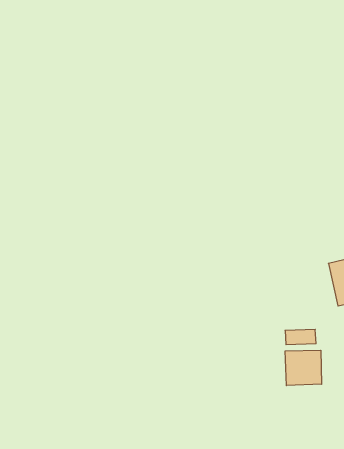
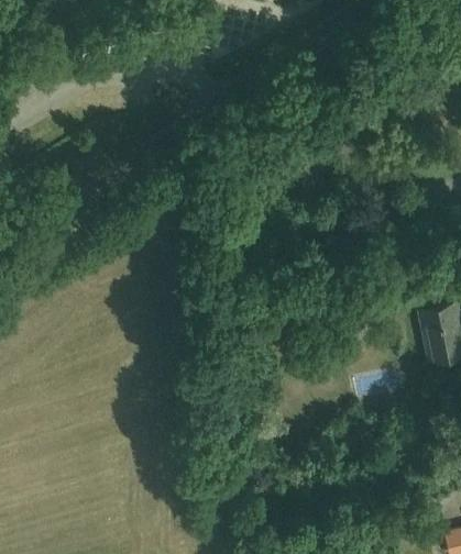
building: [285,350,322,386] -> none

